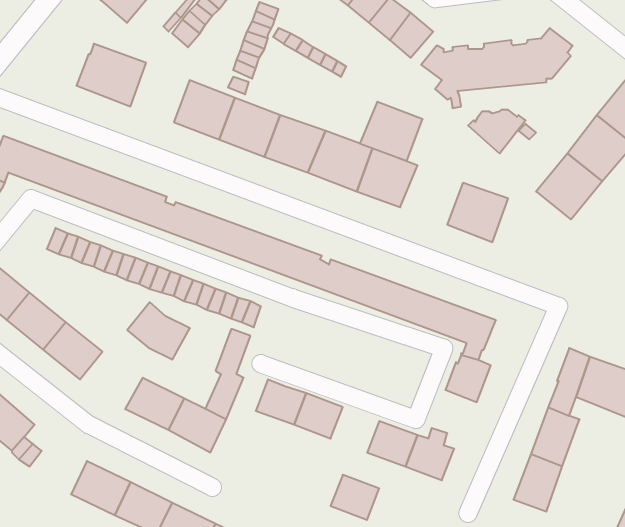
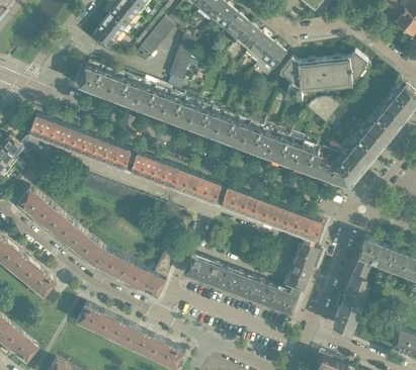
building: none -> [110,73,145,107]
building: [360,102,423,161] -> [267,132,304,167]
building: none -> [321,148,366,187]
building: [127,302,190,360] -> [81,241,117,274]
building: none -> [285,263,312,297]
building: [331,475,379,520] -> [227,273,255,299]

